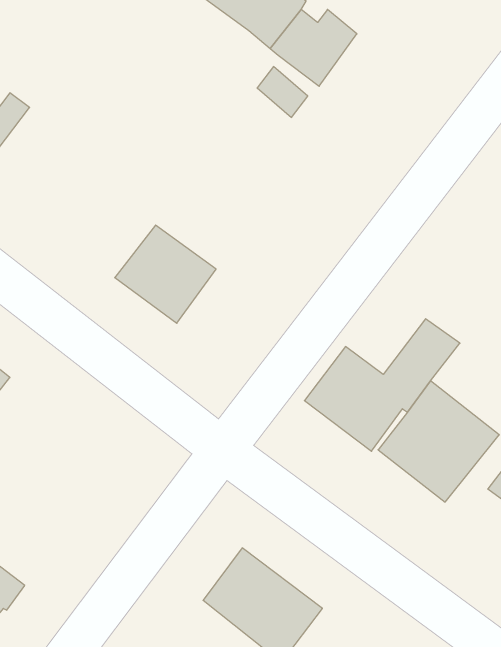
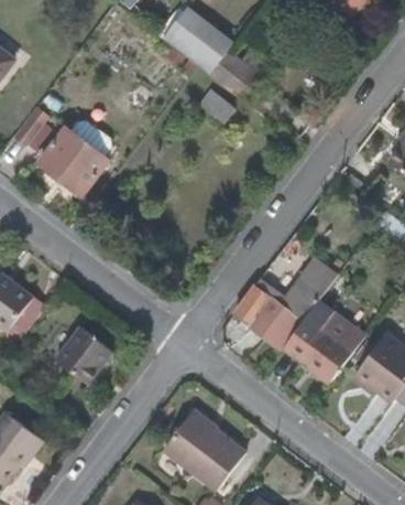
building: [115,225,216,323] -> [40,128,108,194]
building: none -> [61,325,114,379]

